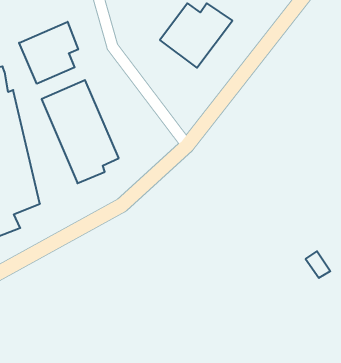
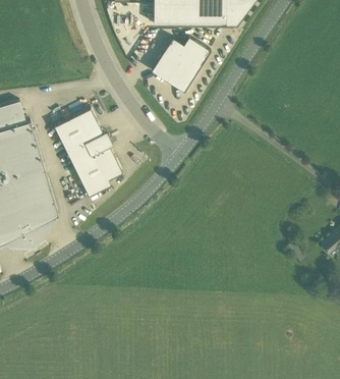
building: [19,22,78,84] -> none

